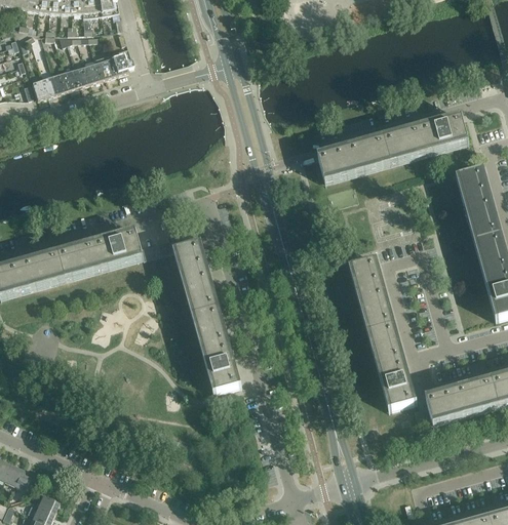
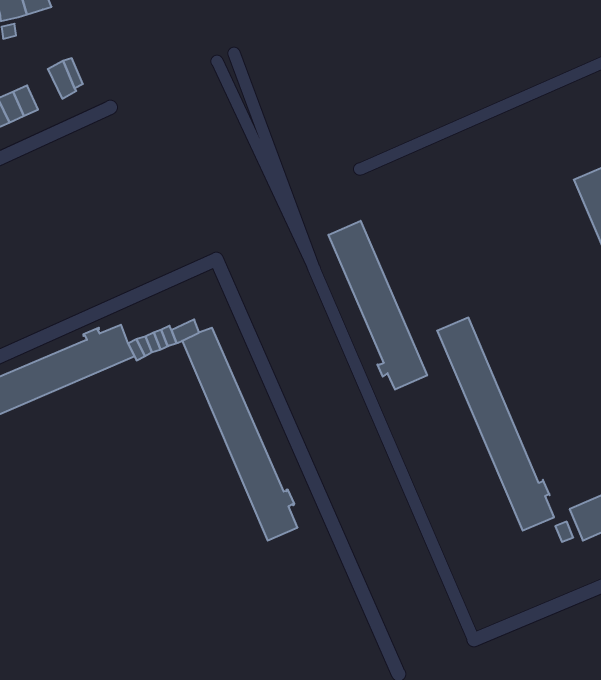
building: [92,51,116,78] -> none
building: [317,117,466,178] -> none
building: none -> [328,221,427,390]

